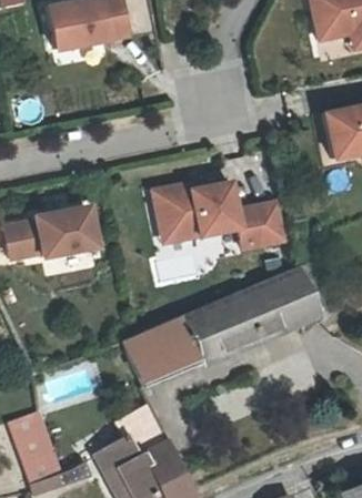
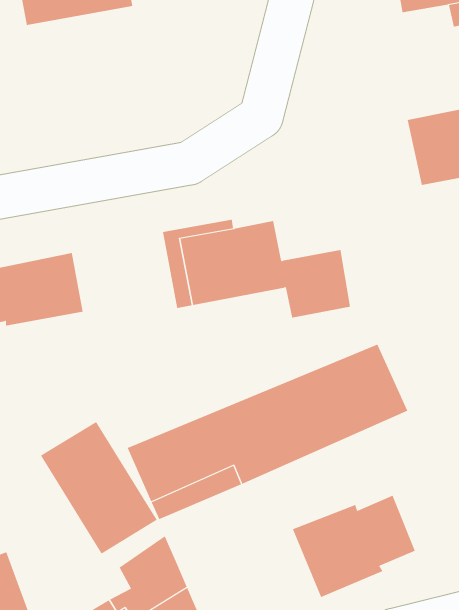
building: none -> [40,421,157,554]
building: none -> [292,495,416,598]

